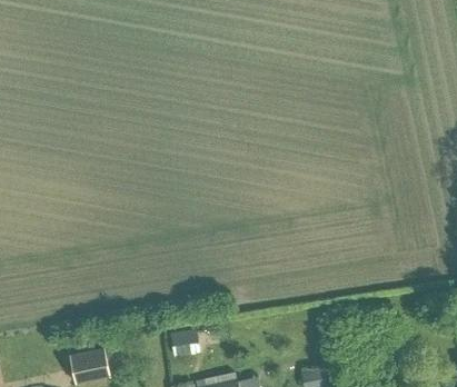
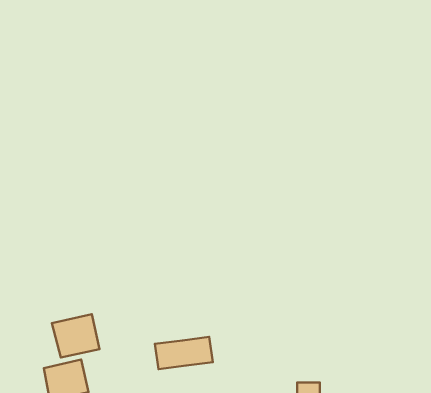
building: none -> [52,314,100,358]

